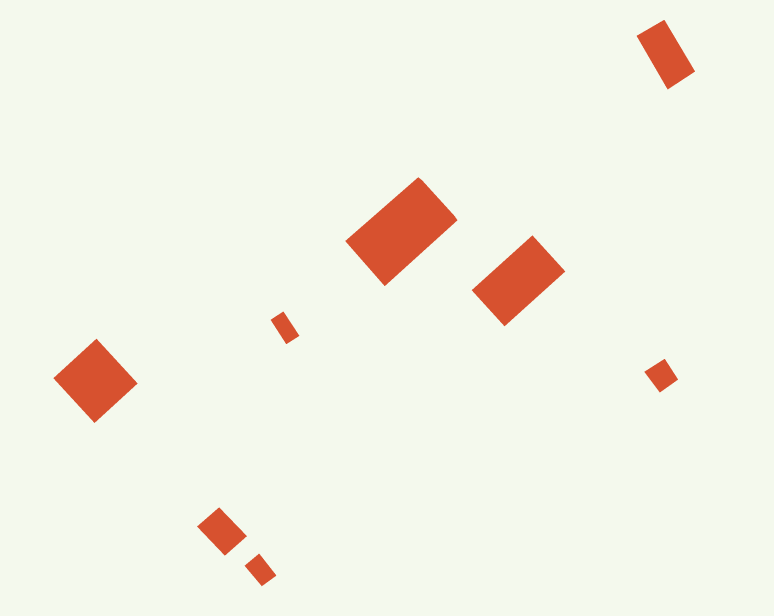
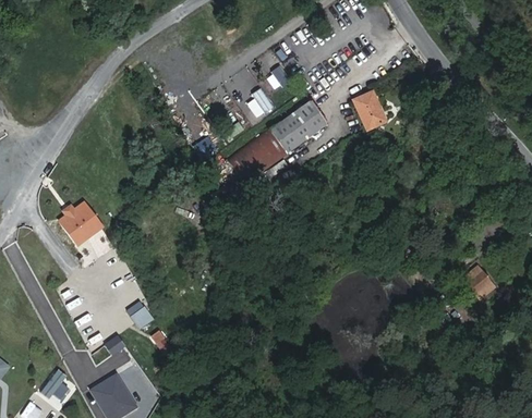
building: [636,19,696,90] -> [354,94,386,134]
building: [471,234,566,327] -> [274,101,328,151]

